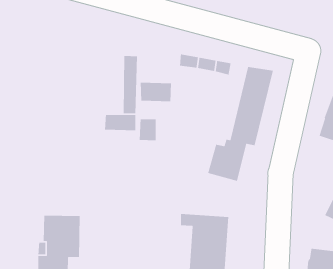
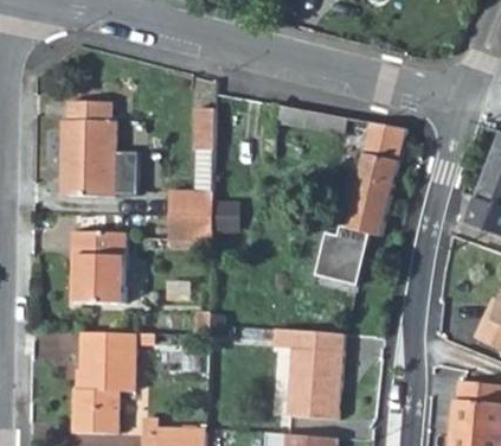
building: none -> [62,103,134,197]
building: [140,82,172,102] -> [168,214,213,242]
building: none -> [71,231,126,304]

